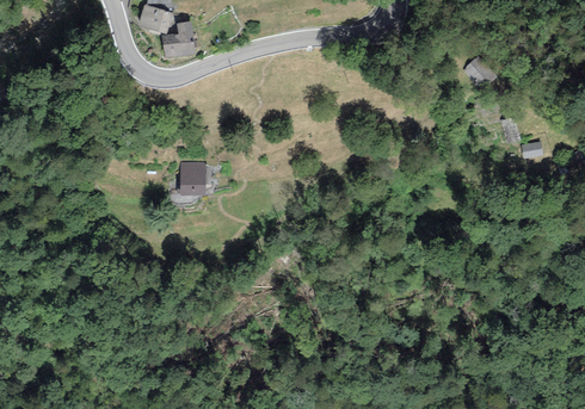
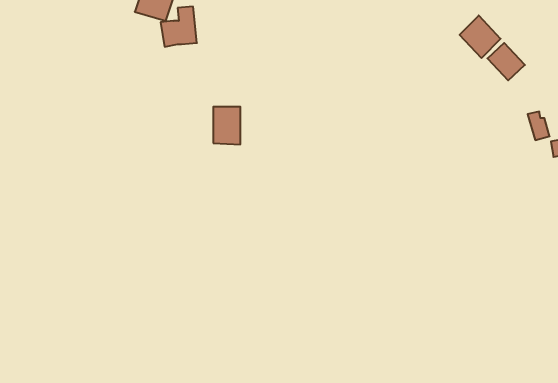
building: none -> [460,15,501,58]
building: [180,161,205,196] -> [213,107,240,144]

